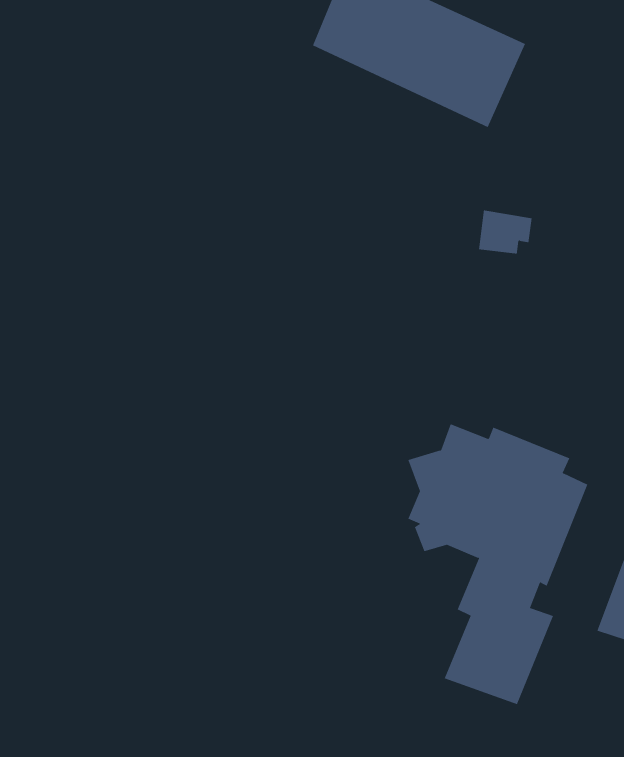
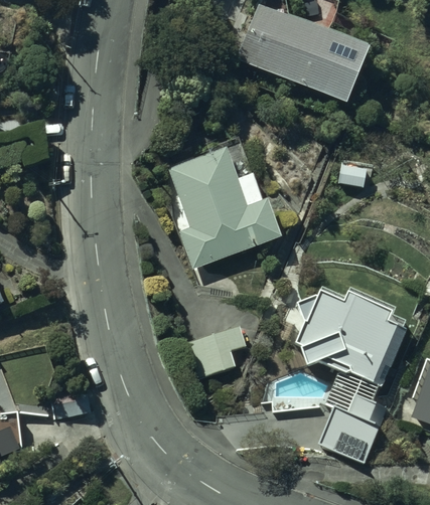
building: none -> [168,148,278,265]
building: none -> [187,324,244,373]

